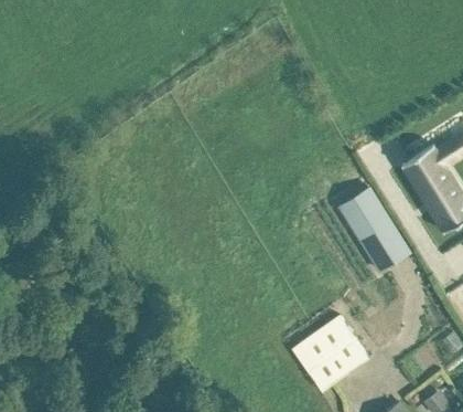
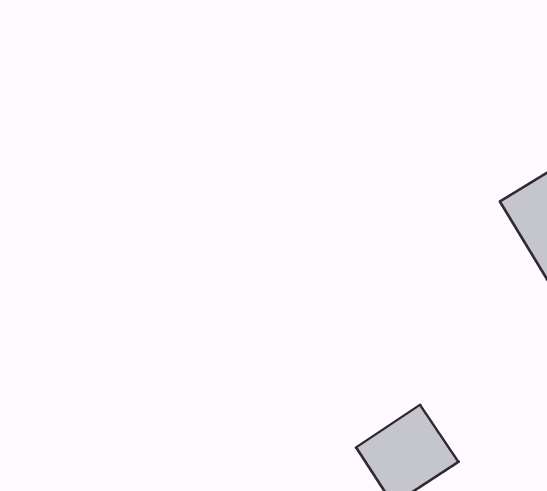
building: [340,189,410,272] -> none

